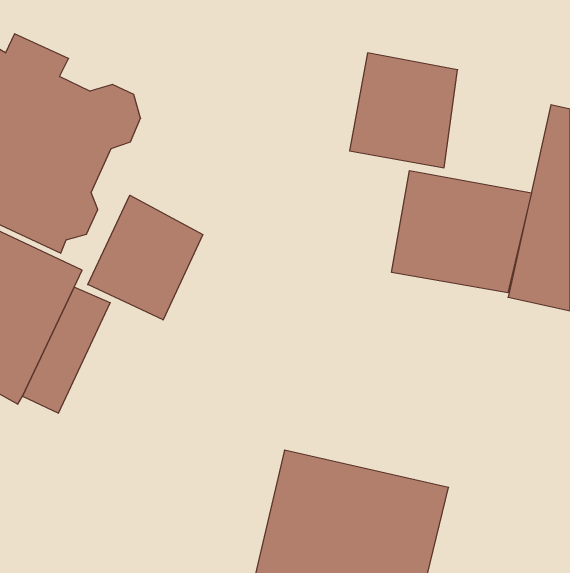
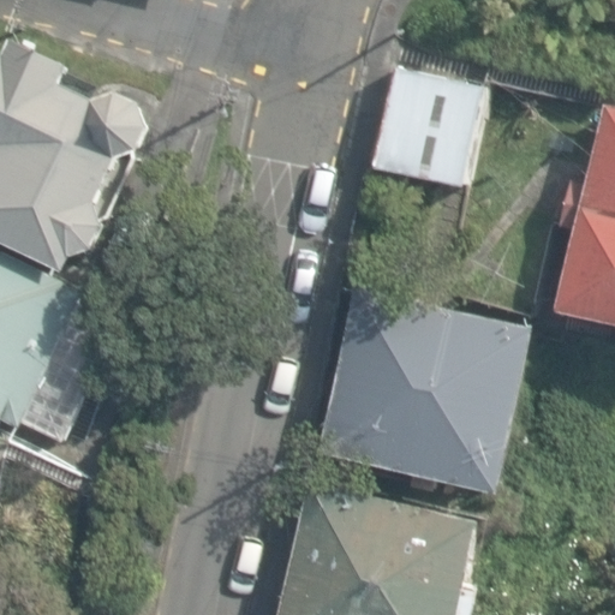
building: [392,171,531,293] -> none
building: [88,195,203,320] -> none
building: none -> [322,310,529,490]

